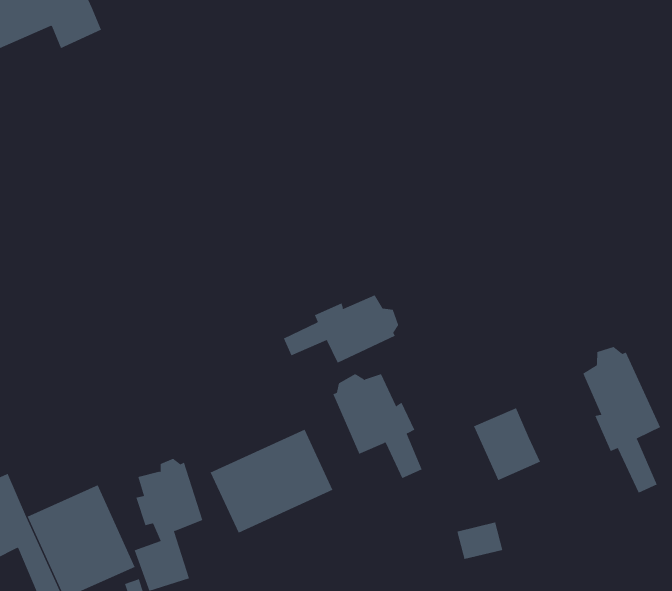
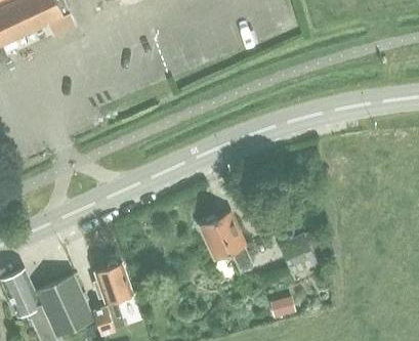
building: [283,294,399,363] -> none
building: [583,346,661,493] -> none
building: [210,429,333,533] -> none

